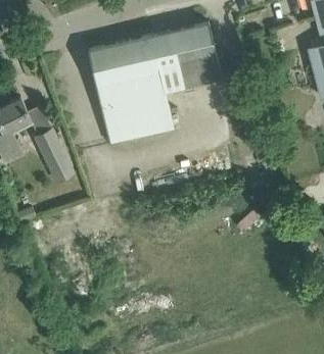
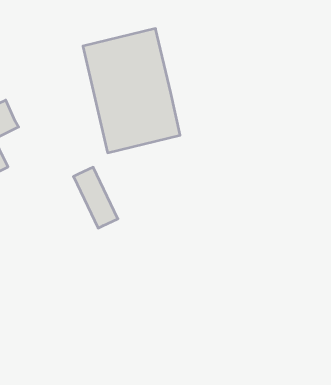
building: [151,22,221,92] -> none
building: [35,131,74,184] -> [73,167,118,228]

